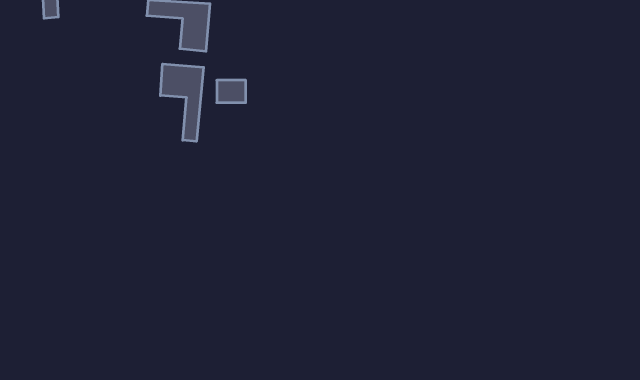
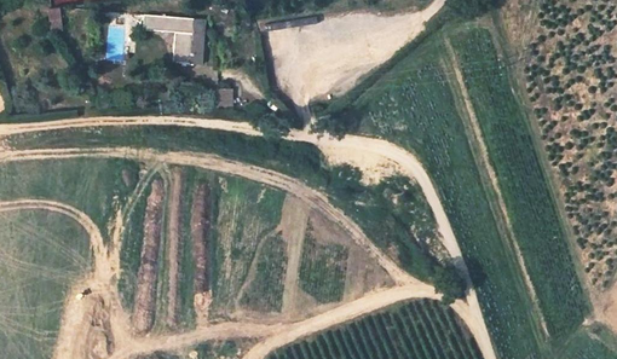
building: [160,64,204,141] -> none

